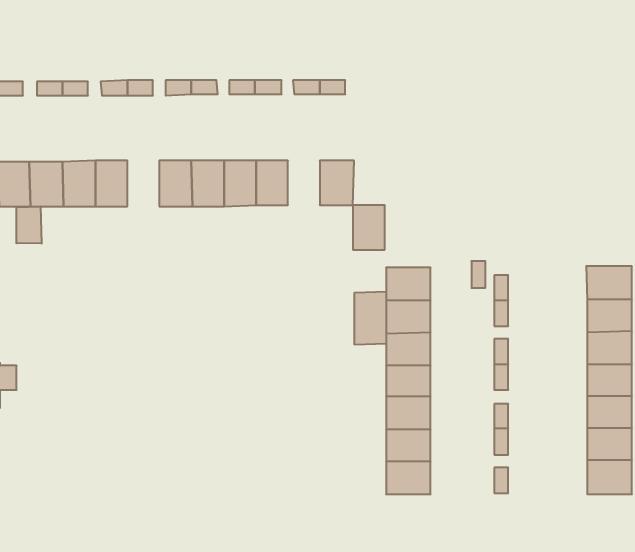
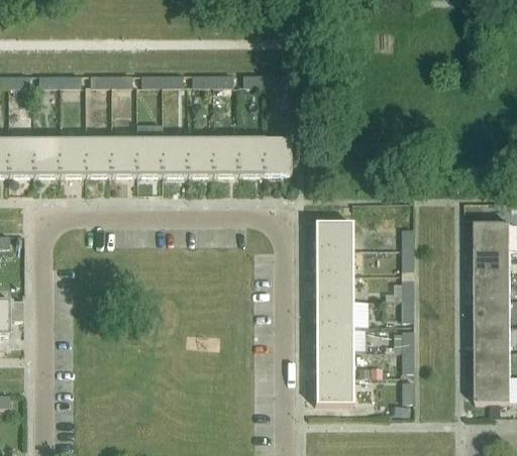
building: none -> [111,138,136,175]
building: [353,205,385,250] -> [238,138,264,174]
building: [16,206,42,244] -> none
building: [355,291,386,345] -> none

